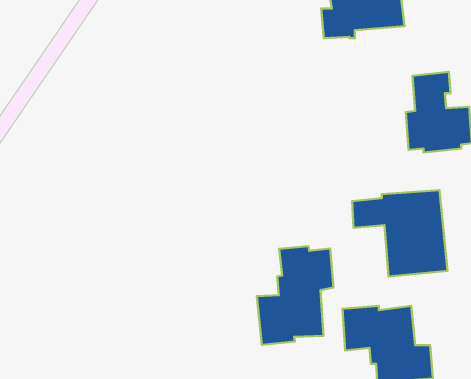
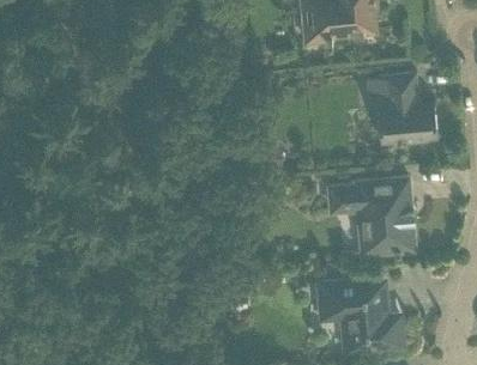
building: [257,246,334,345] -> none

